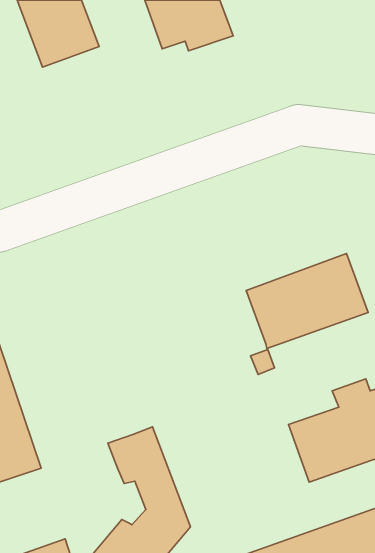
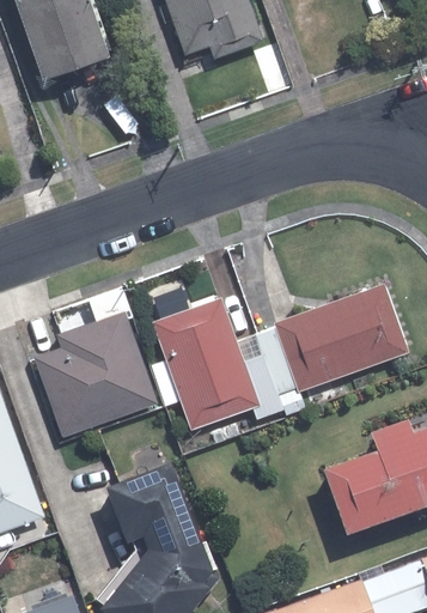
building: none -> [148,296,256,427]
building: none -> [39,322,155,433]

